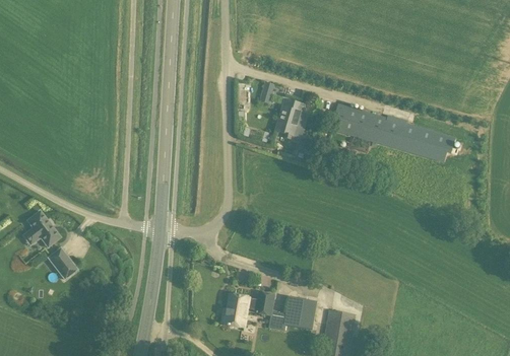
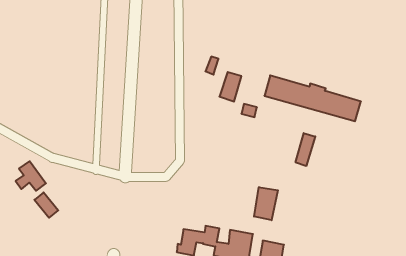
building: none -> [296,133,315,166]
building: none -> [254,187,278,220]

